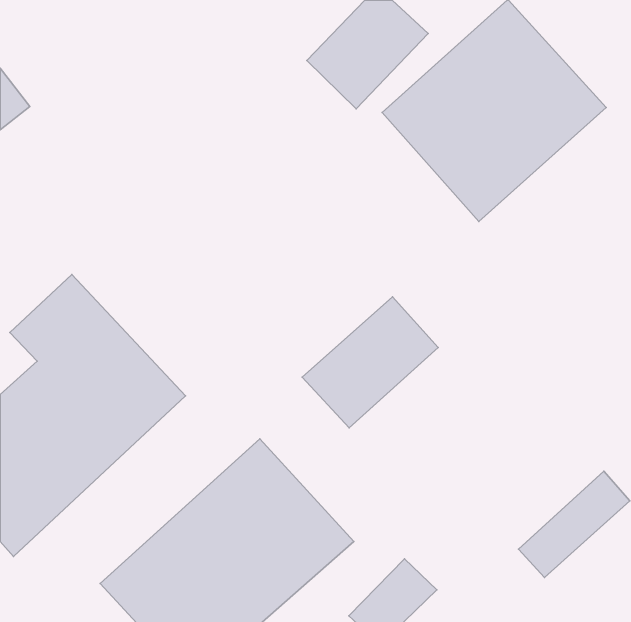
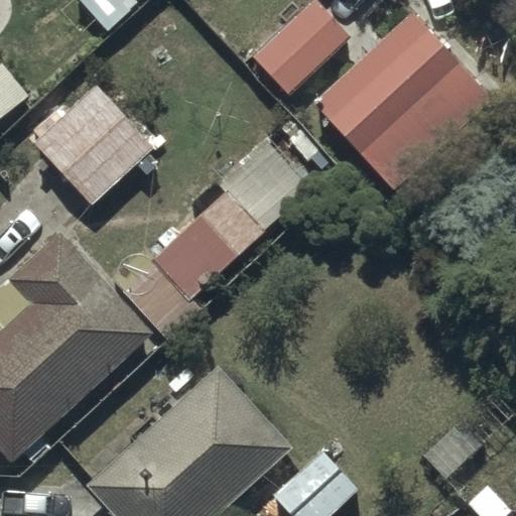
building: none -> [36,86,157,208]
building: [302,297,438,428] -> [150,194,261,300]

